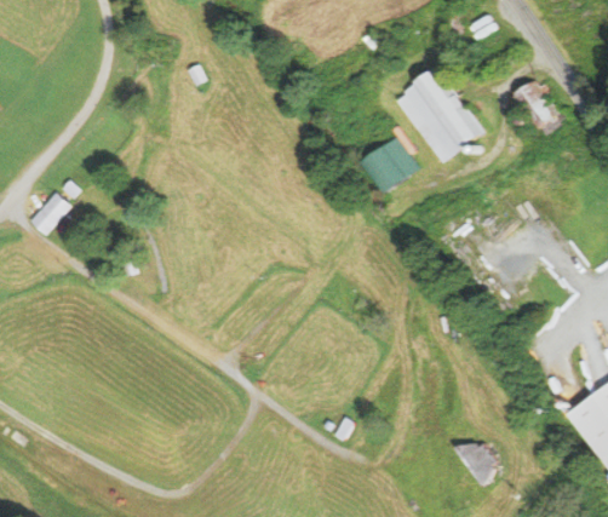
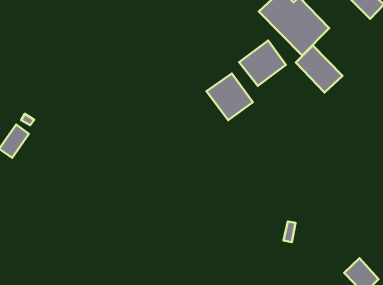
building: none -> [296,46,342,93]
building: none -> [207,73,253,120]

